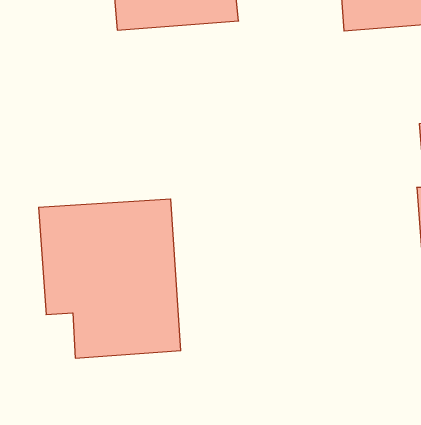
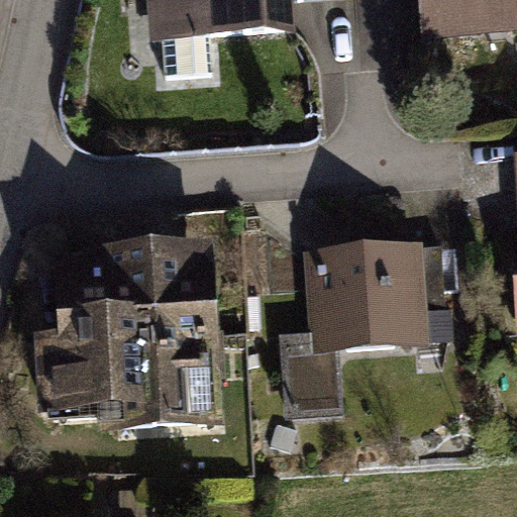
building: none -> [279,240,432,407]

